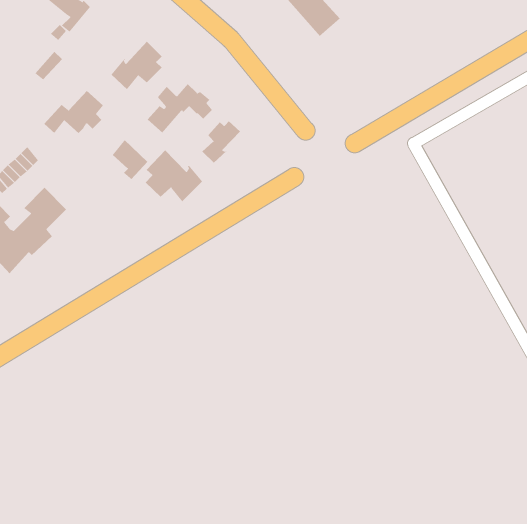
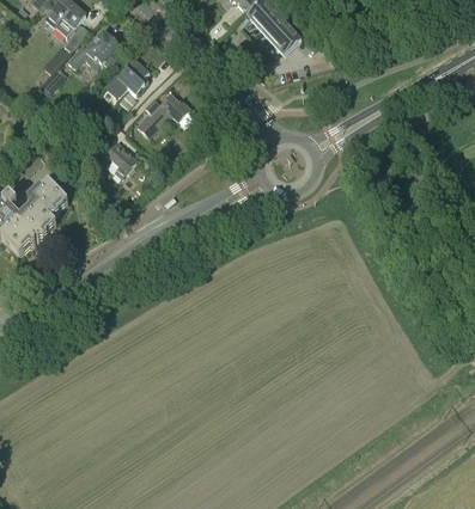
building: [43,90,104,134] -> [66,31,117,68]
building: [202,120,241,164] -> none
building: [145,149,203,202] -> none

